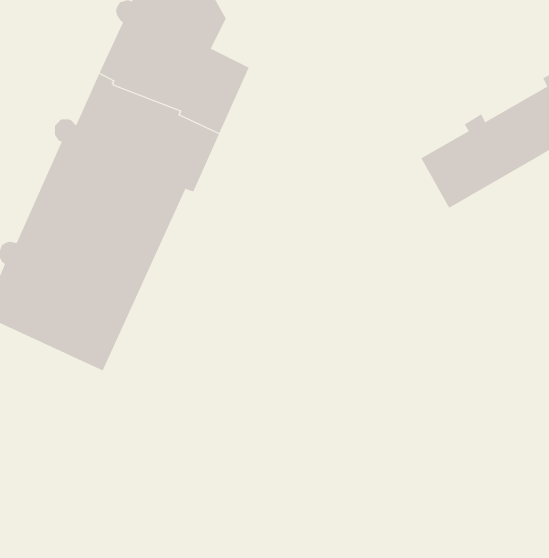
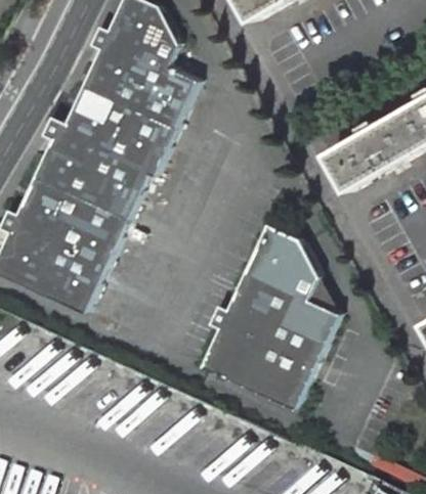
building: none -> [201,227,337,408]

